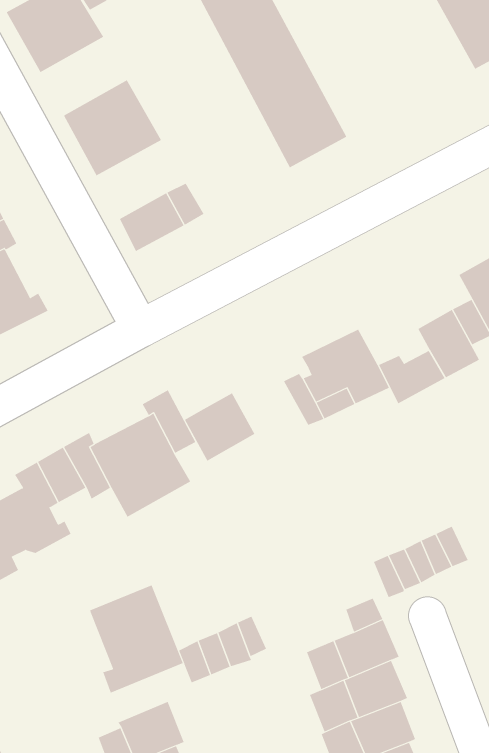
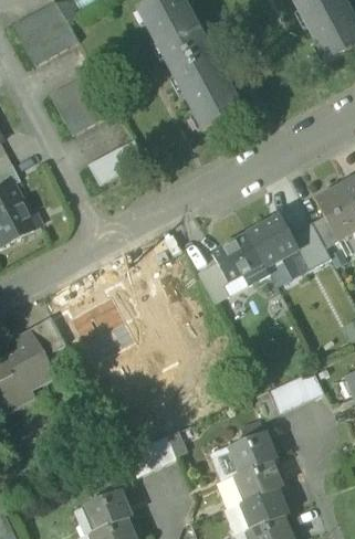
building: none -> [250,220,297,261]
building: [184,392,255,462] -> none
building: [90,585,183,694] -> none

